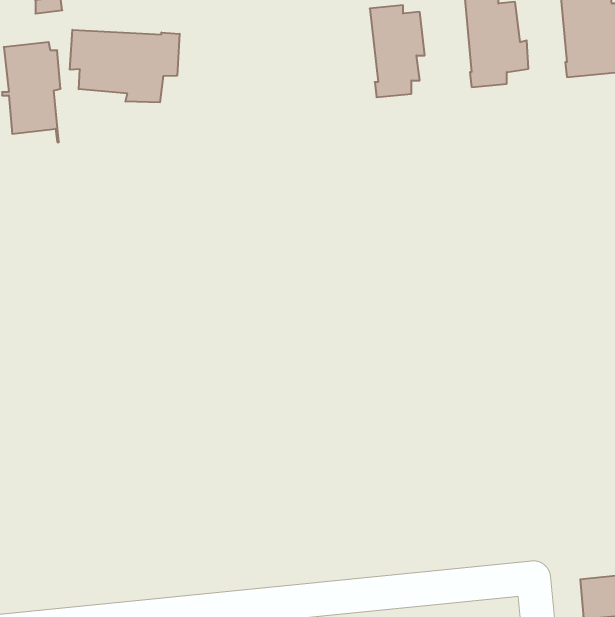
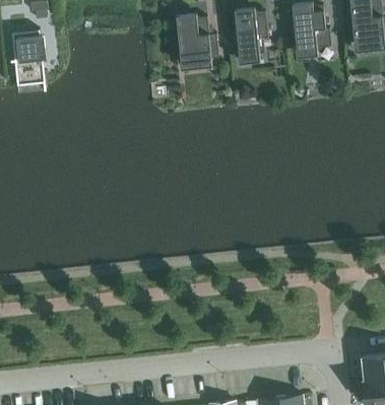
building: none -> [176,14,218,70]
building: [70,30,180,102] -> none

